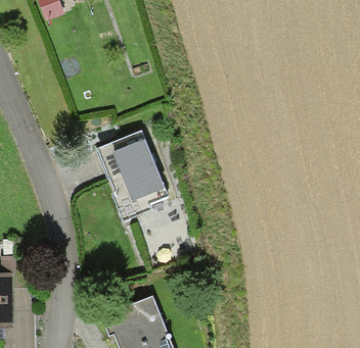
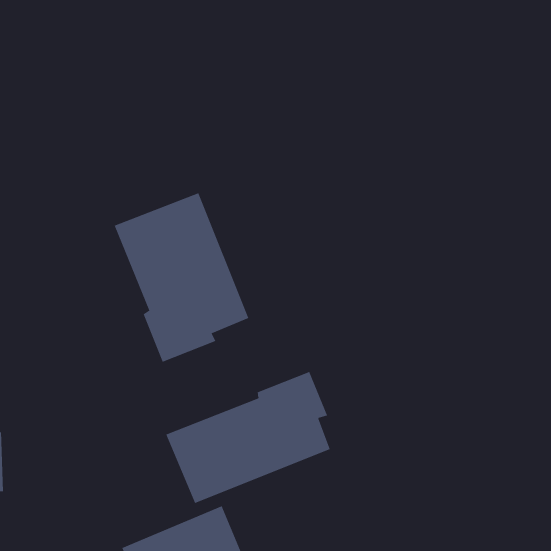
building: none -> [166,371,331,504]

